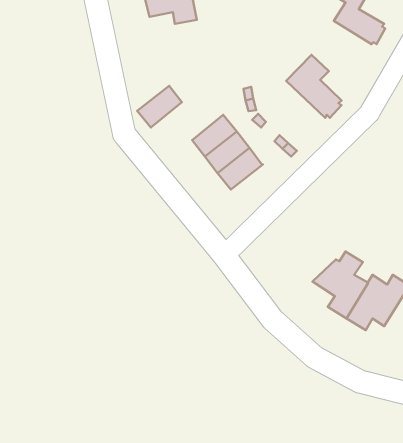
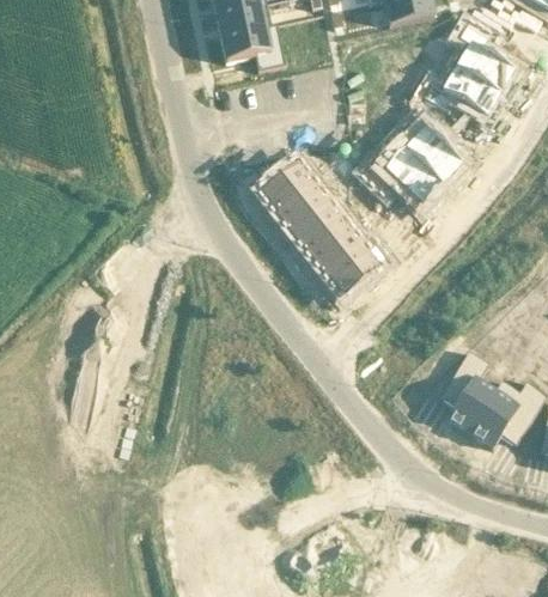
building: none -> [419,63,497,116]
building: none -> [360,138,439,205]
building: [137,86,182,127] -> [258,159,313,211]
building: none -> [323,237,383,293]

